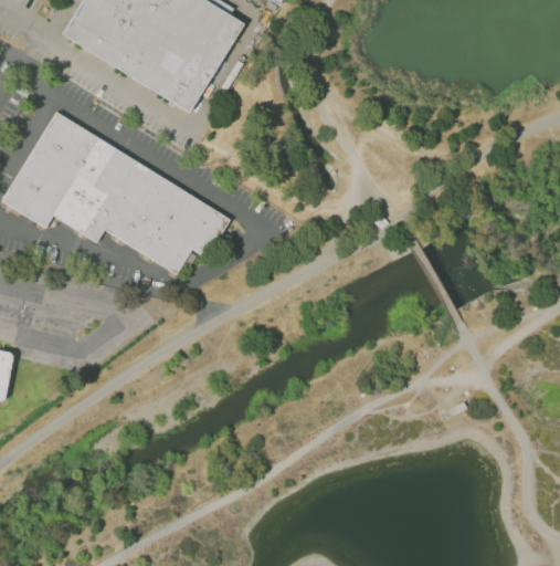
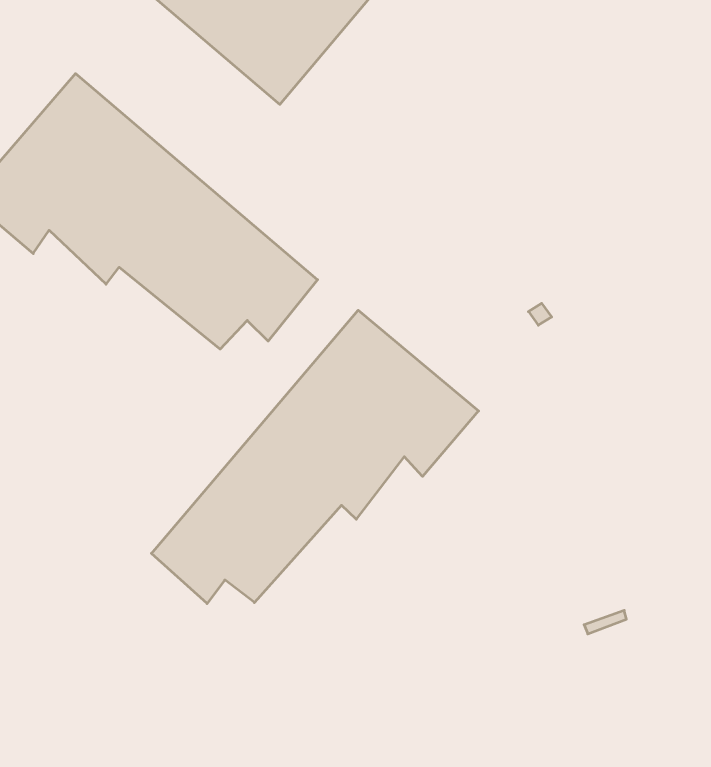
building: none -> [151,310,479,604]

